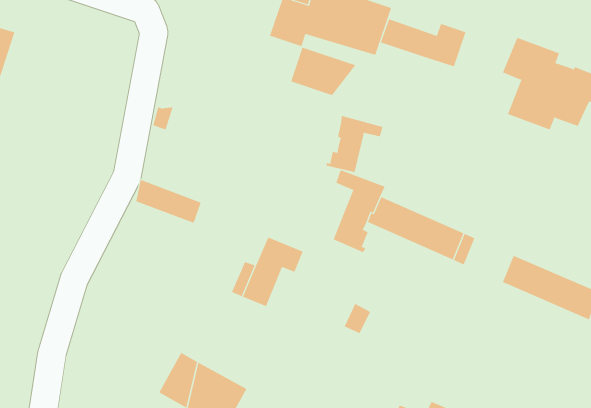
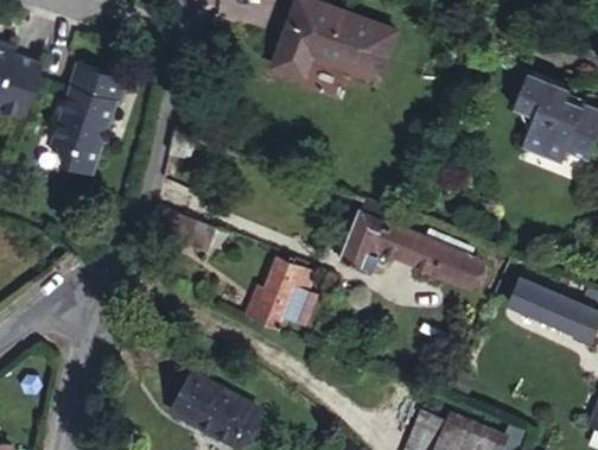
building: [380,19,466,67] -> none
building: none -> [47,61,125,173]
building: [290,47,356,96] -> none
building: [326,115,383,173] -> none

